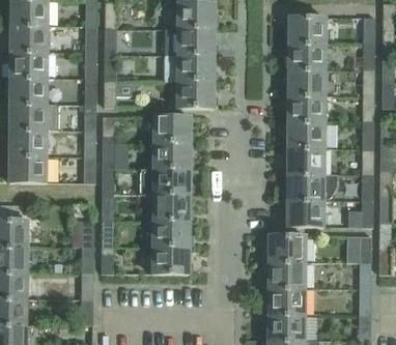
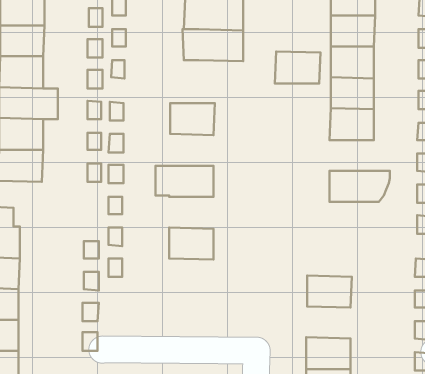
building: [176,80,215,107] -> [275,51,321,83]
building: [141,142,190,169] -> none
building: [287,147,324,173] -> none
building: [152,195,190,222] -> none
building: [287,199,323,226] -> none
building: [268,234,306,262] -> none
building: [152,247,190,275] -> none
building: [267,287,305,314] -> none

